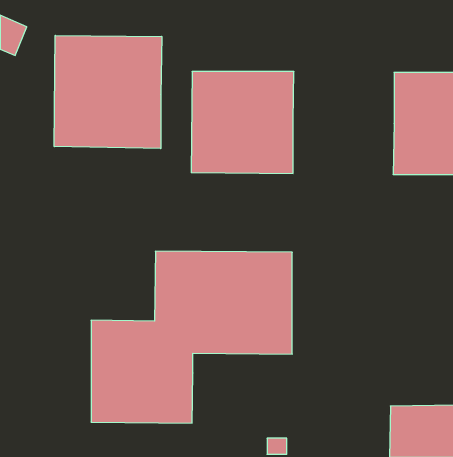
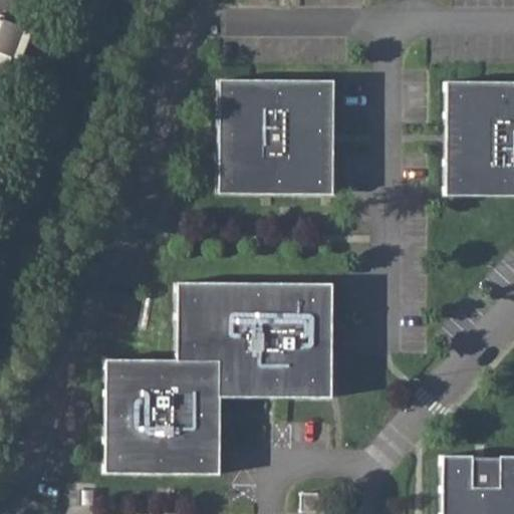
building: [54,35,162,149] -> none

